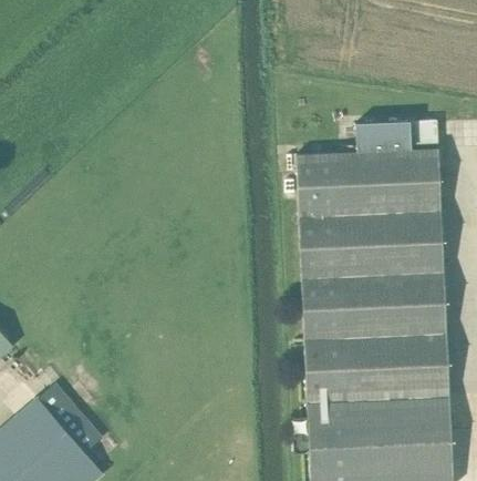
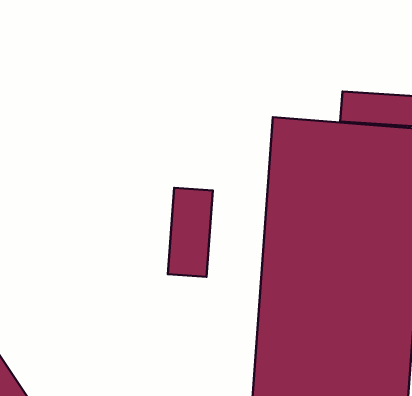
building: none -> [168,188,213,277]

